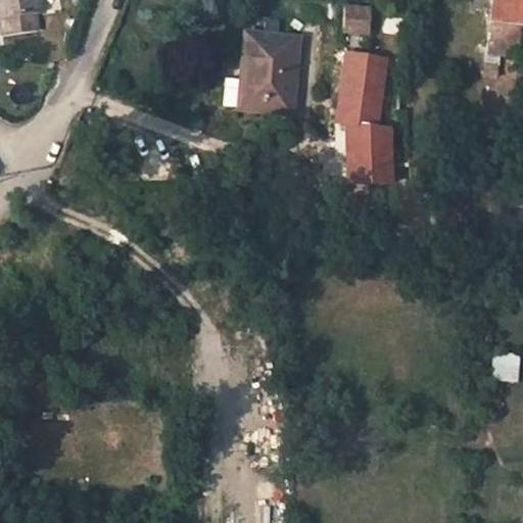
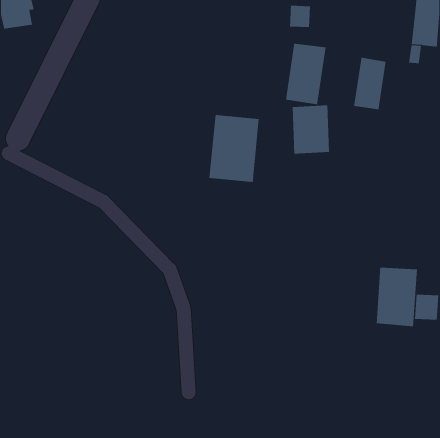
building: [238,34,298,114] -> [209,115,259,183]
building: none -> [354,57,386,110]
building: none -> [376,267,418,327]

